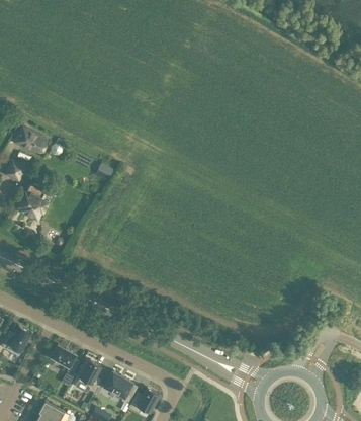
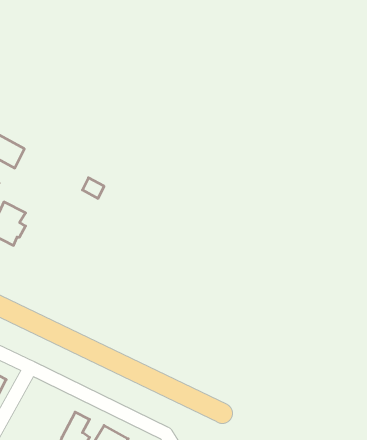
building: [51,345,79,374] -> none

